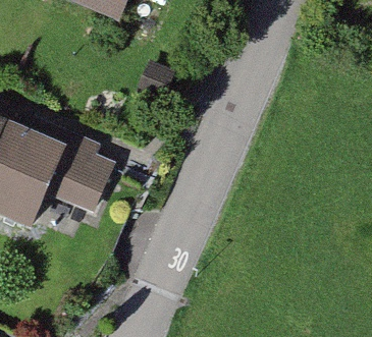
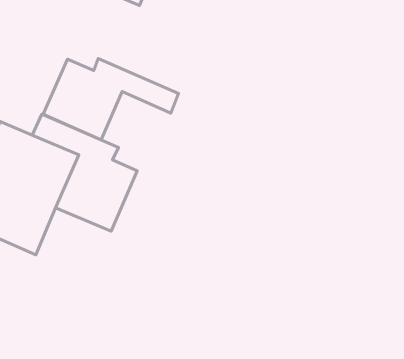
building: none -> [43,59,179,140]

